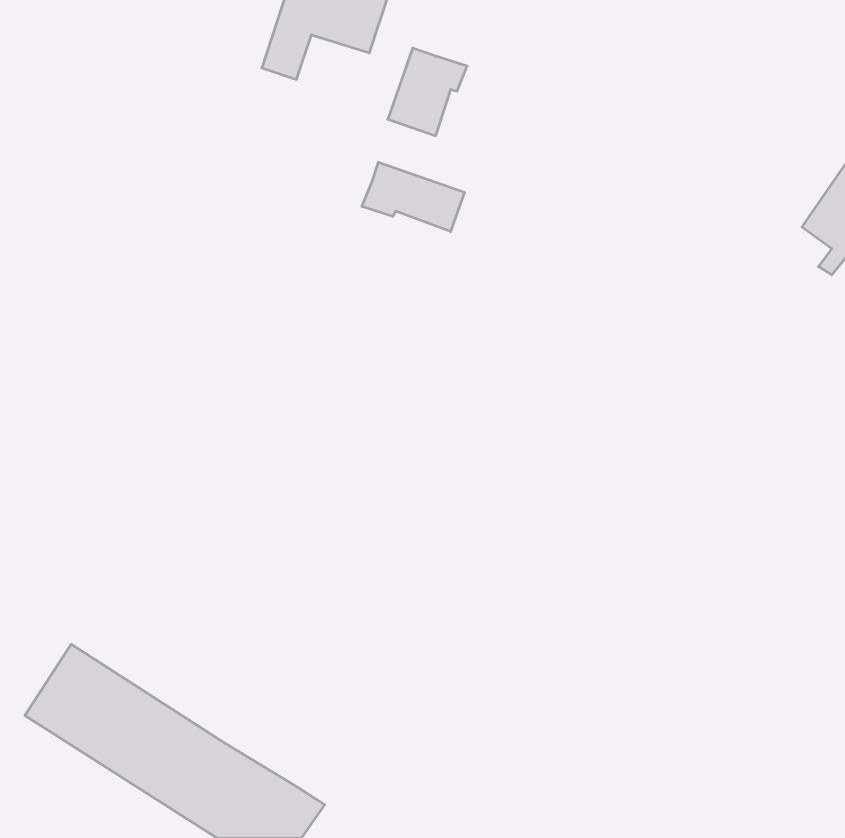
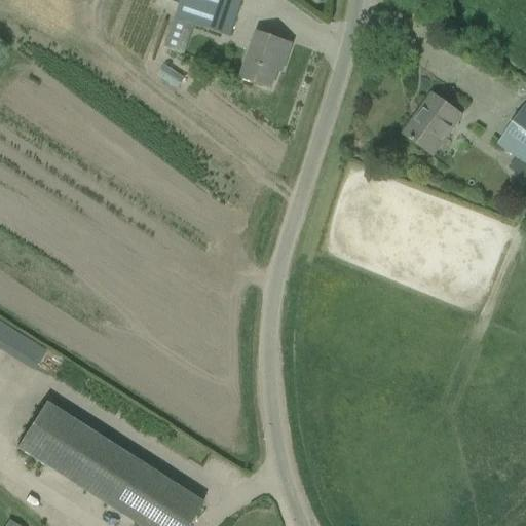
building: none -> [405,91,463,152]
building: [362,162,465,232] -> none

